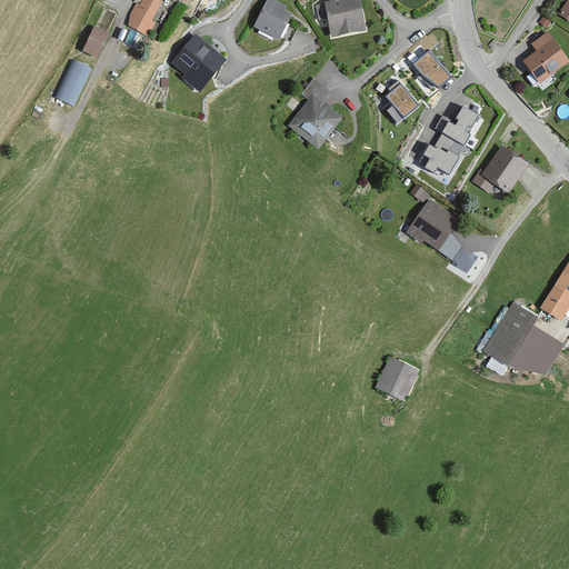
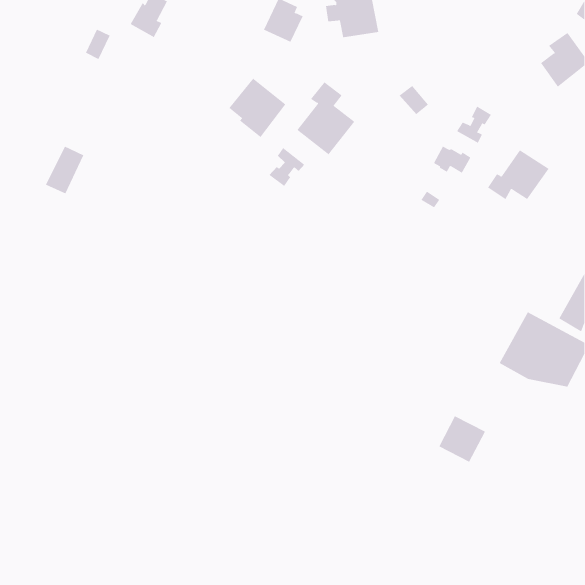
building: [171,34,227,92] -> [229,78,286,138]
building: [413,49,447,80] -> none
building: [52,58,90,104] -> [45,146,84,194]
building: none -> [269,147,305,187]
building: [407,199,461,251] -> none
building: [375,357,420,402] -> [439,416,486,463]

